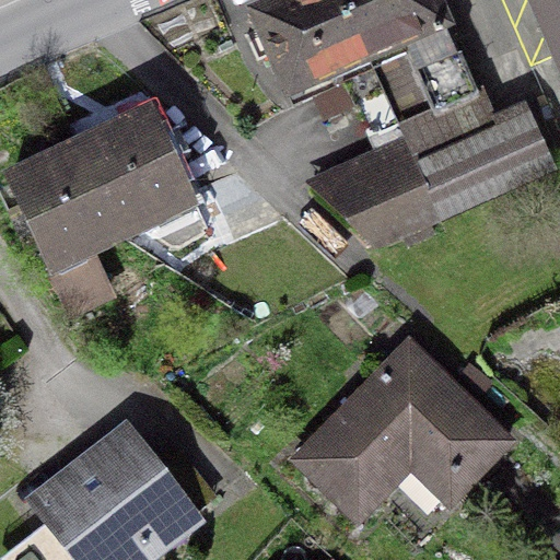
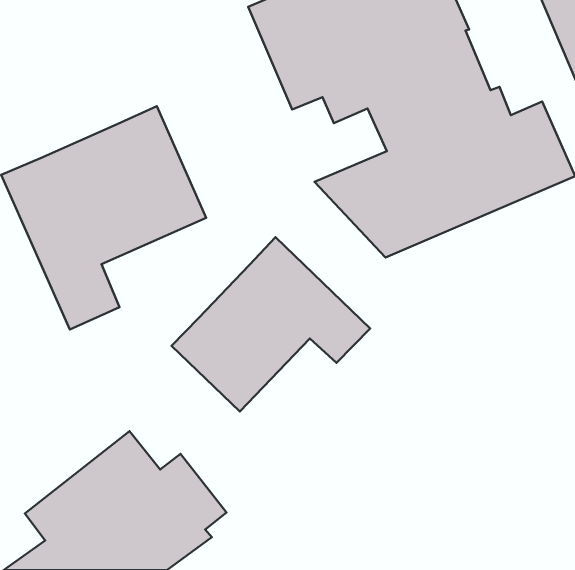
building: none -> [172,237,370,412]
building: [289,335,520,525] -> none

